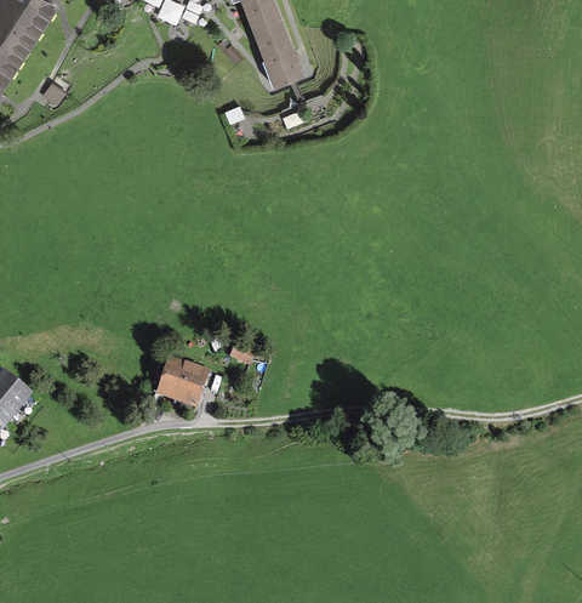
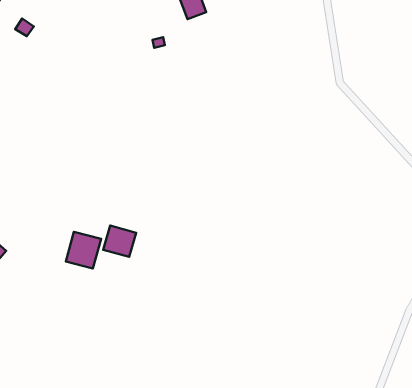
building: none -> [66,232,101,268]

